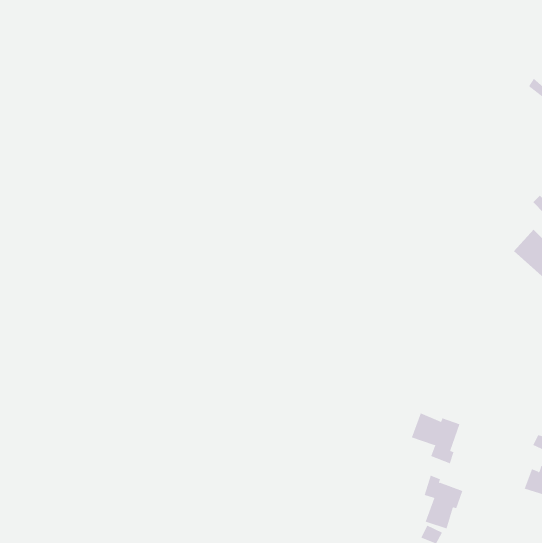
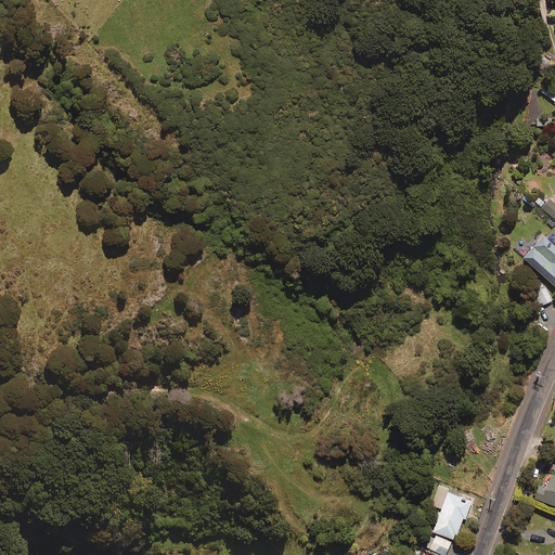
building: [411,413,460,464] -> none

